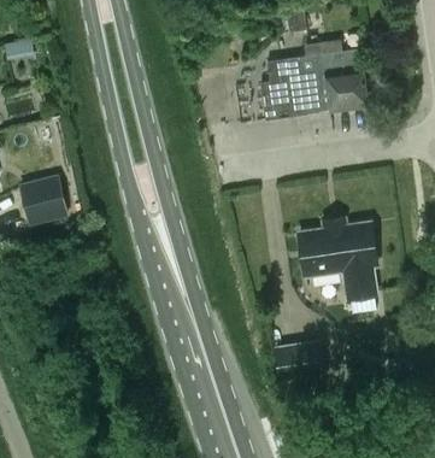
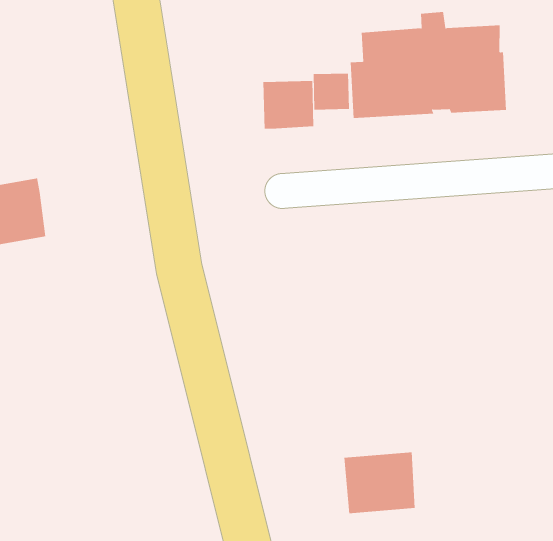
building: none -> [263,80,314,130]
building: [299,222,377,299] -> none

